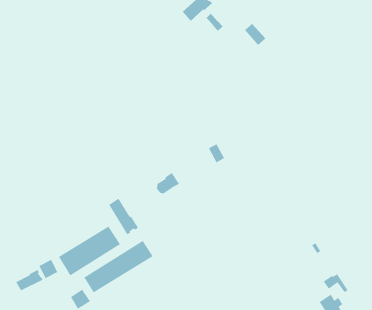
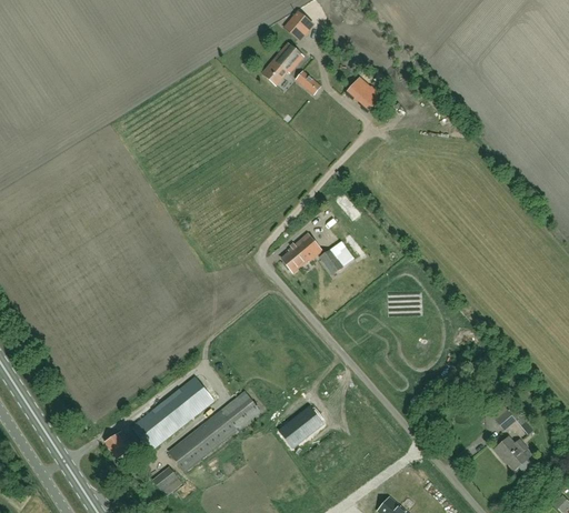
building: [156,172,180,194] -> [282,239,315,270]
building: [108,198,139,235] -> none
building: none -> [280,406,323,447]
building: [16,269,43,291] -> none

